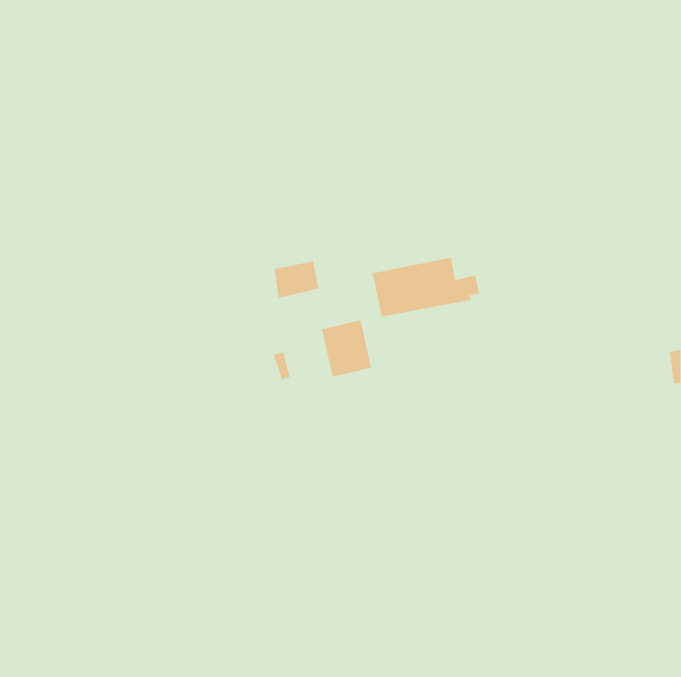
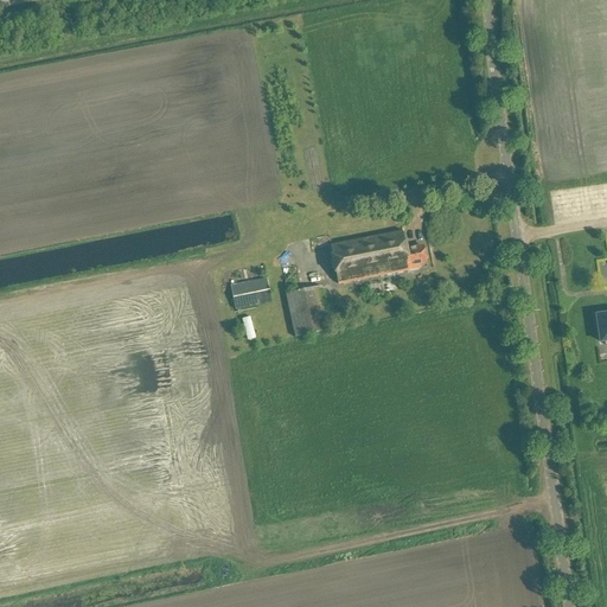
building: [274,261,319,298] -> [231,275,271,308]

